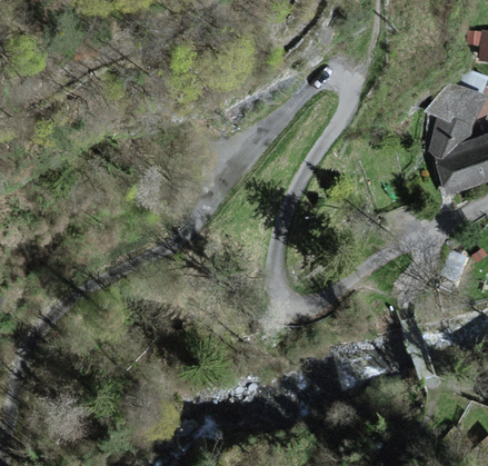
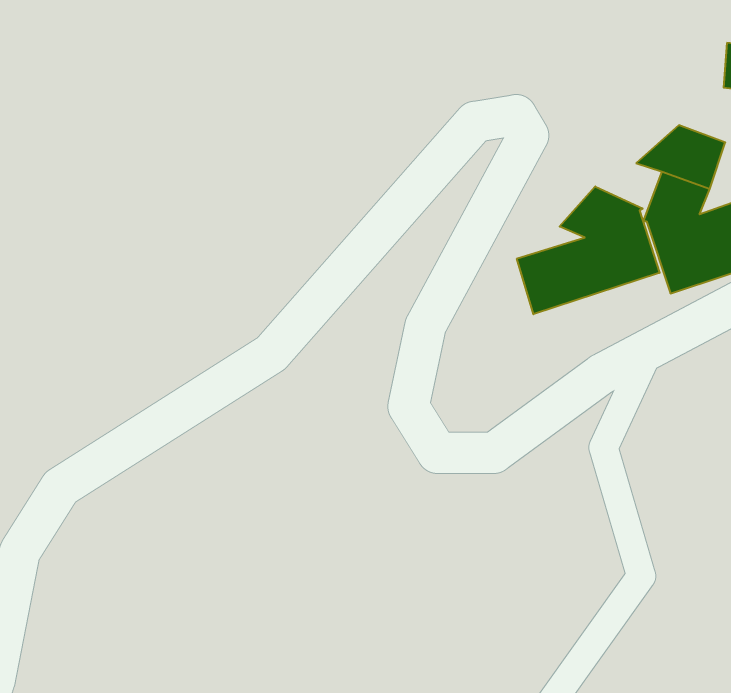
building: none -> [517,186,660,314]

